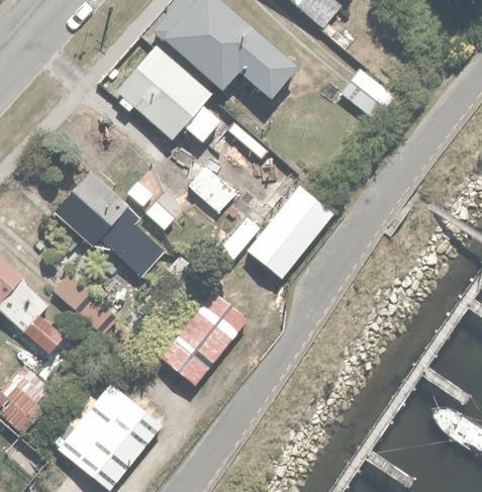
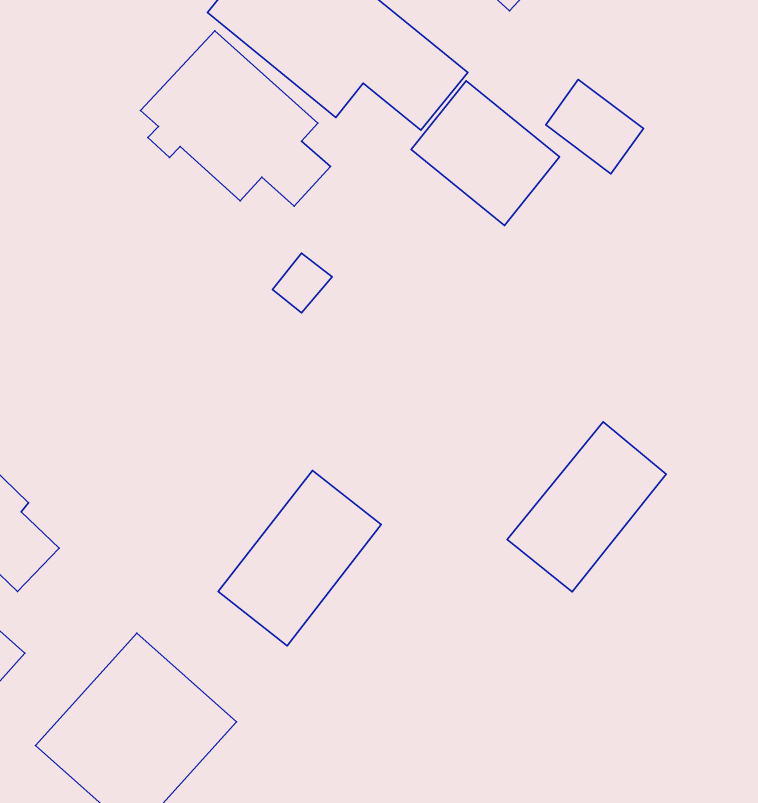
building: none -> [411,81,560,225]
building: [53,169,168,281] -> none
building: [246,186,334,281] -> [507,422,666,592]

